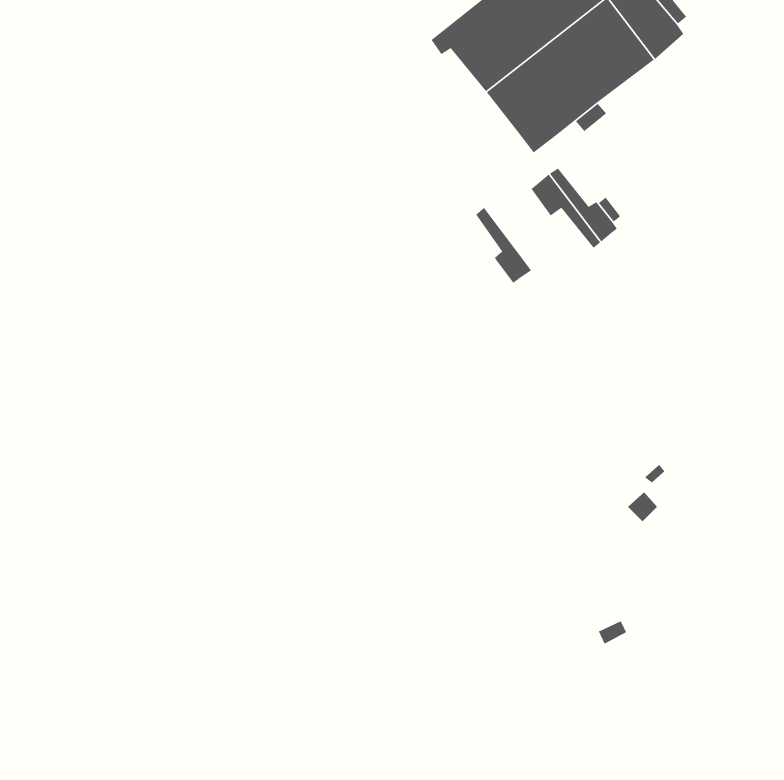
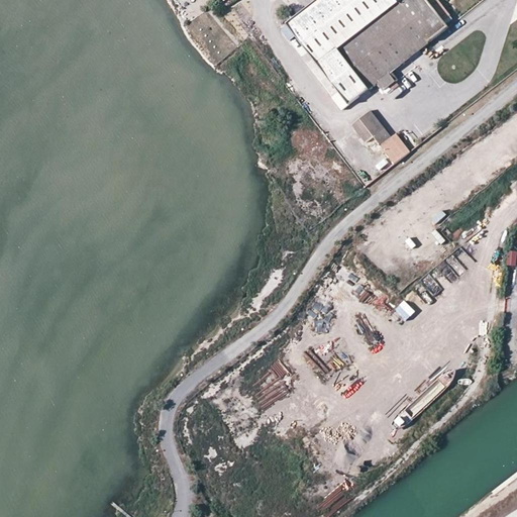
building: [475,207,532,284] -> none

